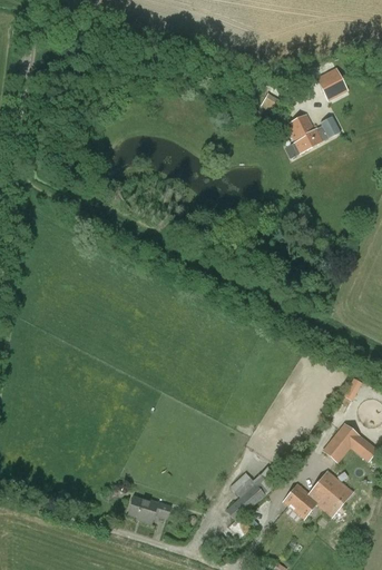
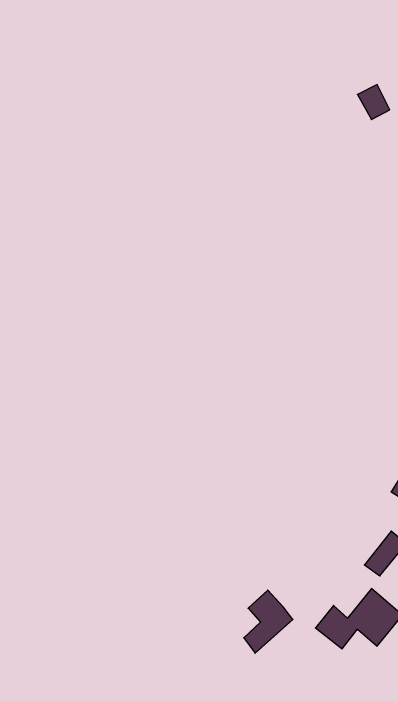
building: [288,112,341,153] -> none
building: [129,495,172,522] -> none

